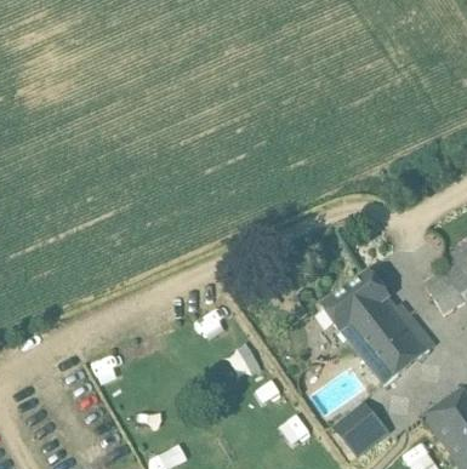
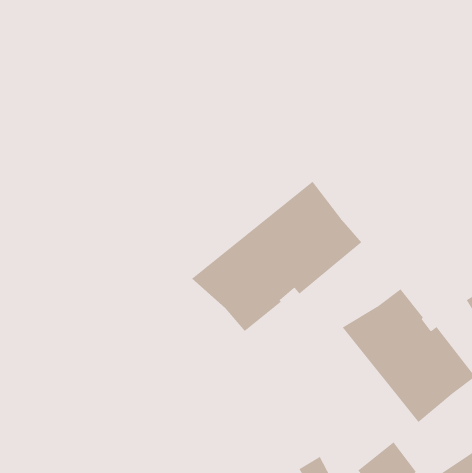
building: none -> [191,181,362,332]

